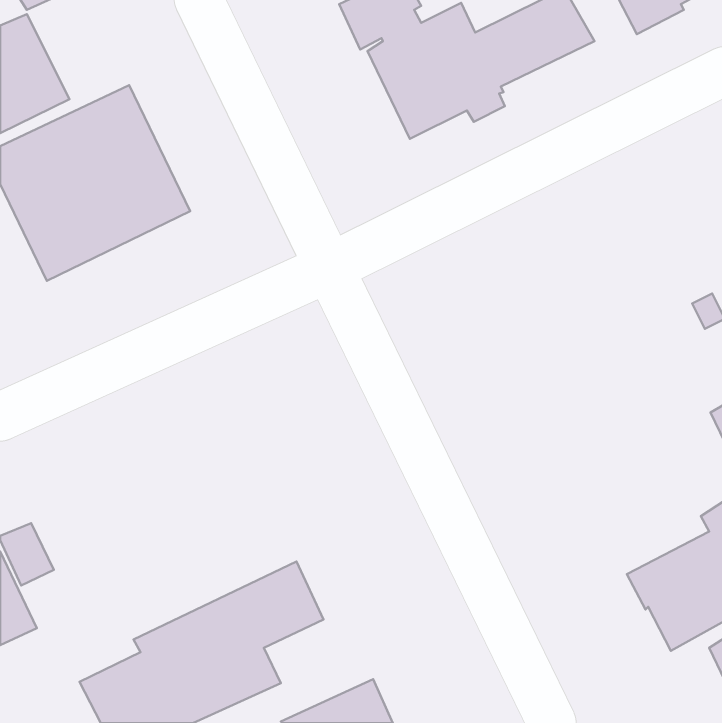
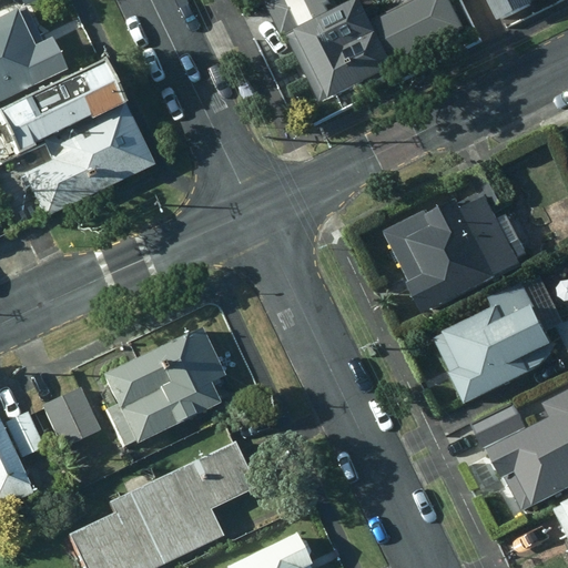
building: none -> [386,158,525,312]
building: none -> [437,281,556,403]
building: none -> [99,324,224,446]
building: none -> [43,386,100,446]

